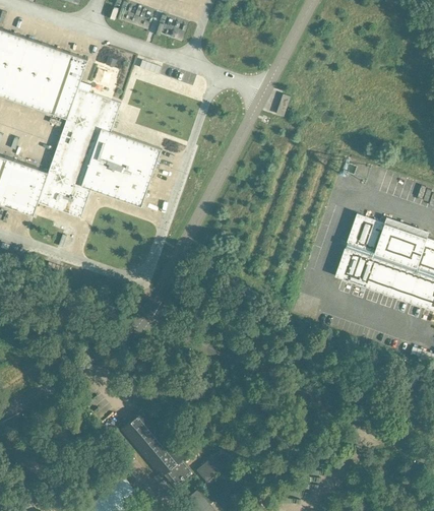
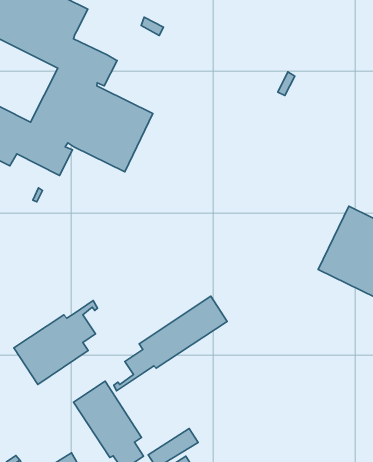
building: none -> [114,296,227,391]
building: none -> [14,301,97,384]

